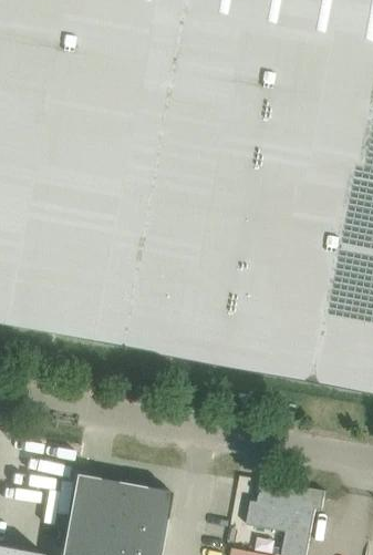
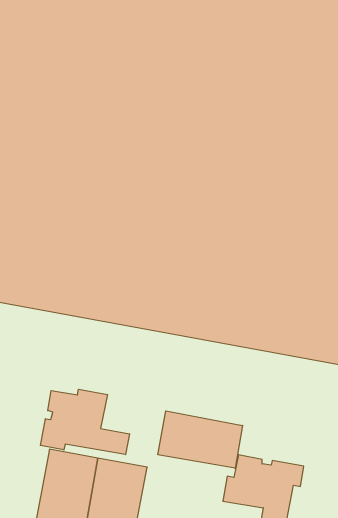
building: none -> [40,389,129,455]
building: none -> [158,411,243,468]

